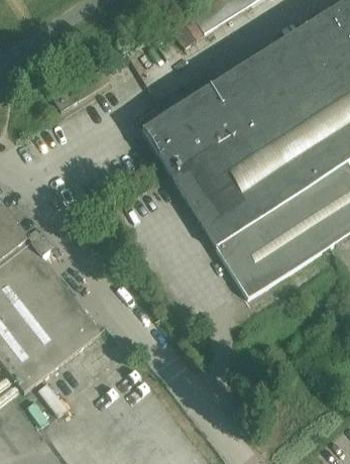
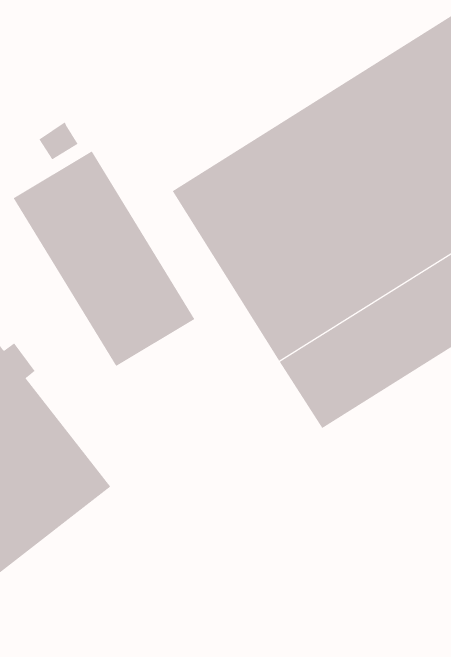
building: none -> [13,150,195,367]

